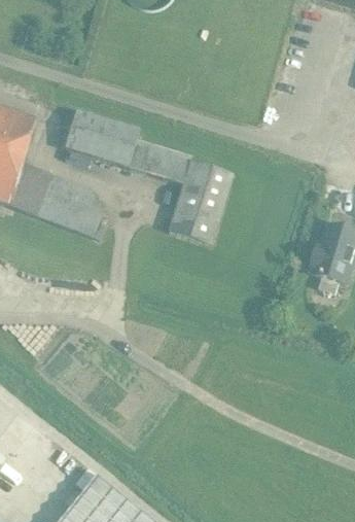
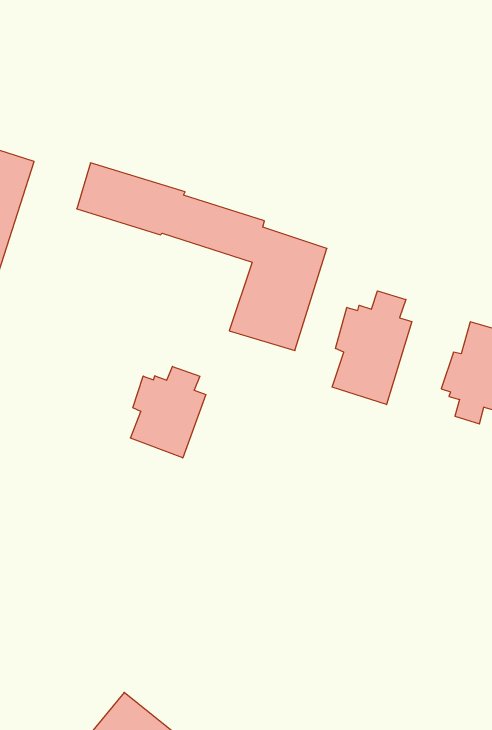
building: none -> [332,291,412,405]
building: none -> [130,366,206,458]

